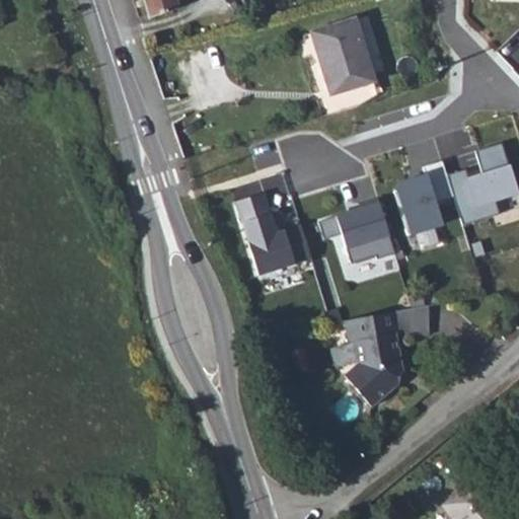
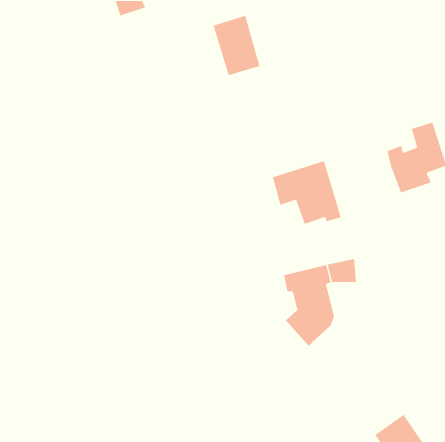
building: [314,16,370,87] -> [213,15,261,76]
building: [396,166,455,240] -> none
building: [240,196,314,281] -> none

